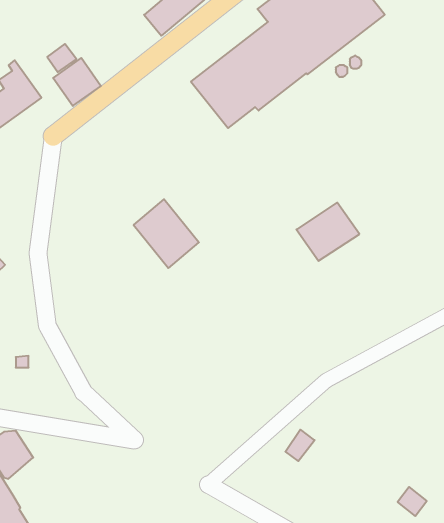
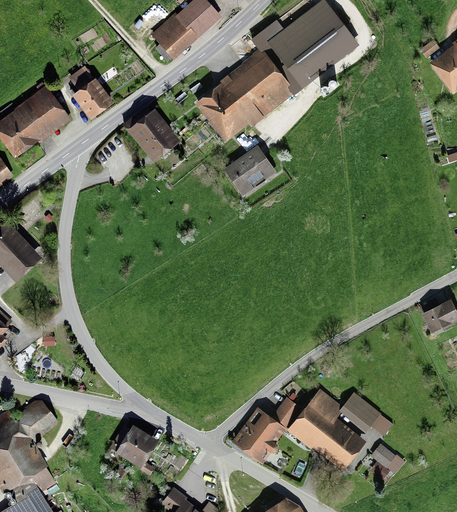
building: [134,199,199,268] -> [127,106,183,165]
building: [296,203,359,261] -> [225,147,279,197]
building: none -> [291,392,387,469]
building: none -> [234,409,282,463]
building: none -> [111,427,156,471]

